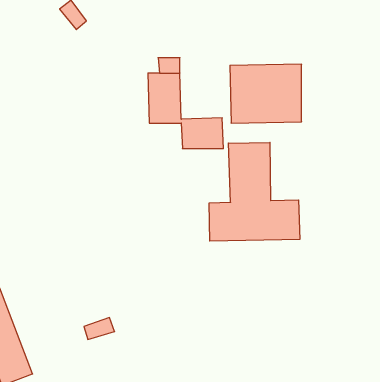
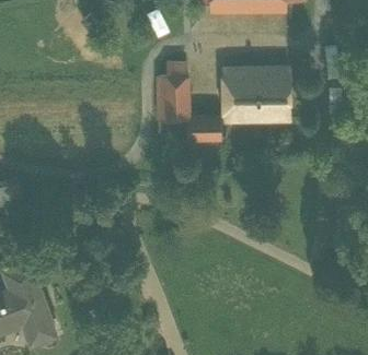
building: [209,142,300,241] -> none

